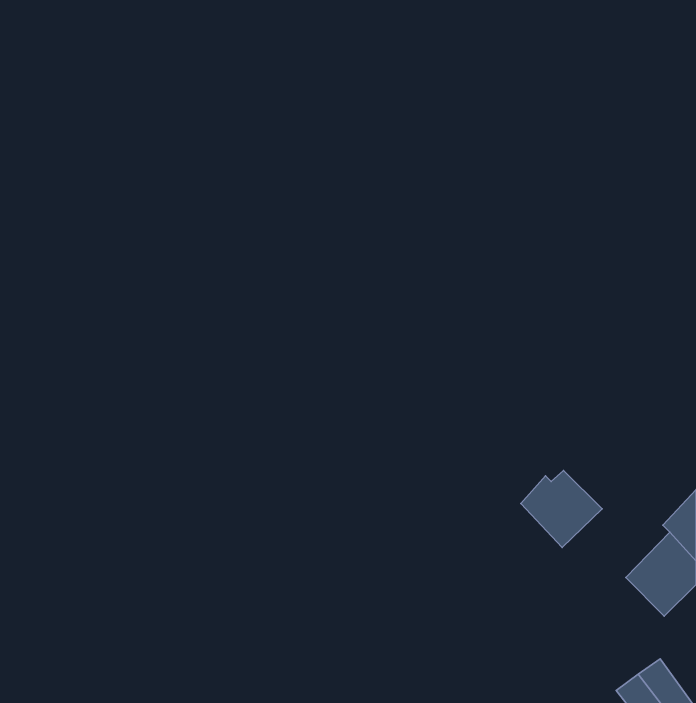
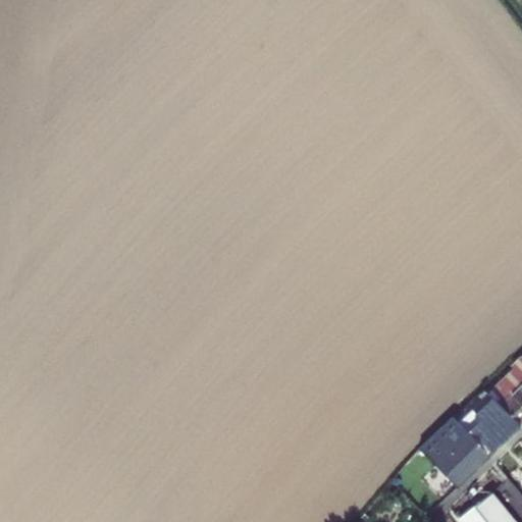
building: [521,470,602,548] -> [431,428,491,485]

